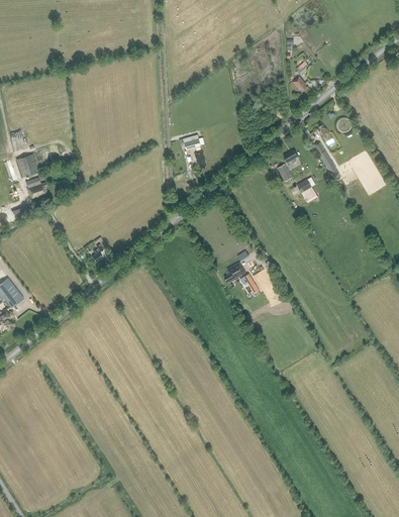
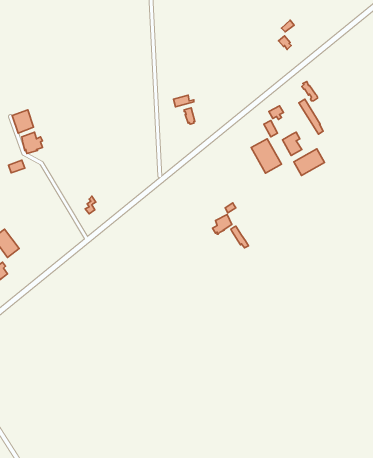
building: none -> [251,139,281,173]
building: none -> [294,149,324,176]

